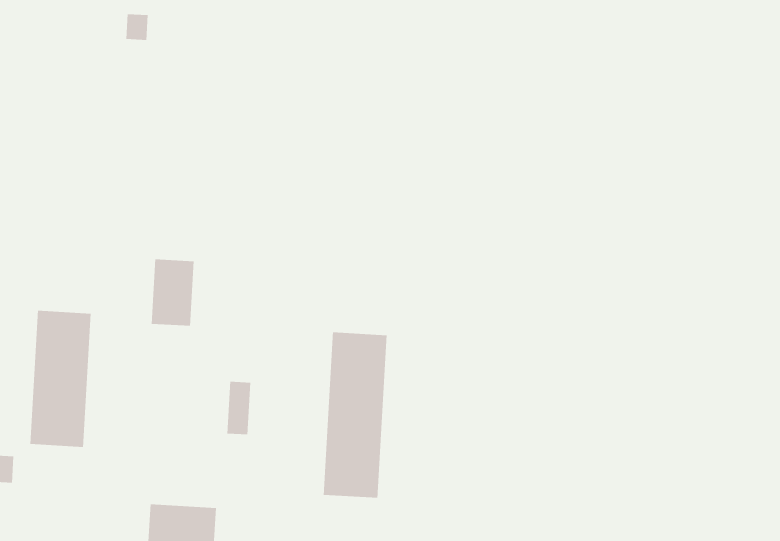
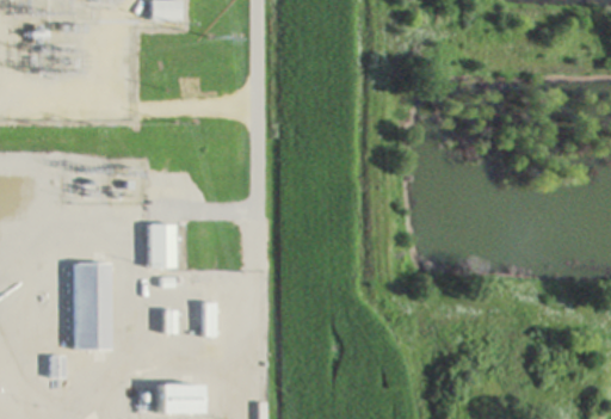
building: [323,332,387,498] -> none

